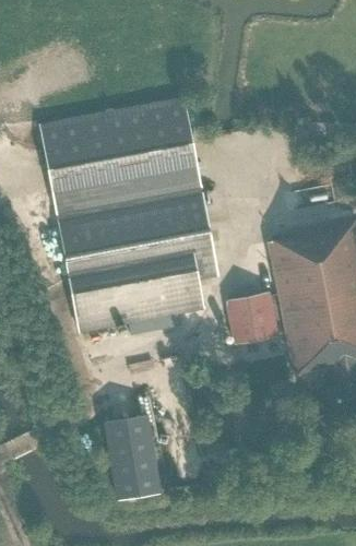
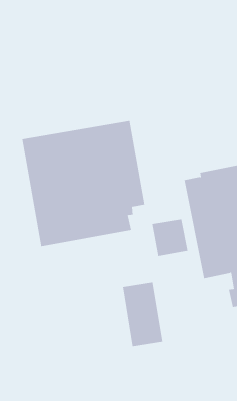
building: [43,97,198,188] -> none
building: [105,414,159,500] -> [122,282,163,347]

